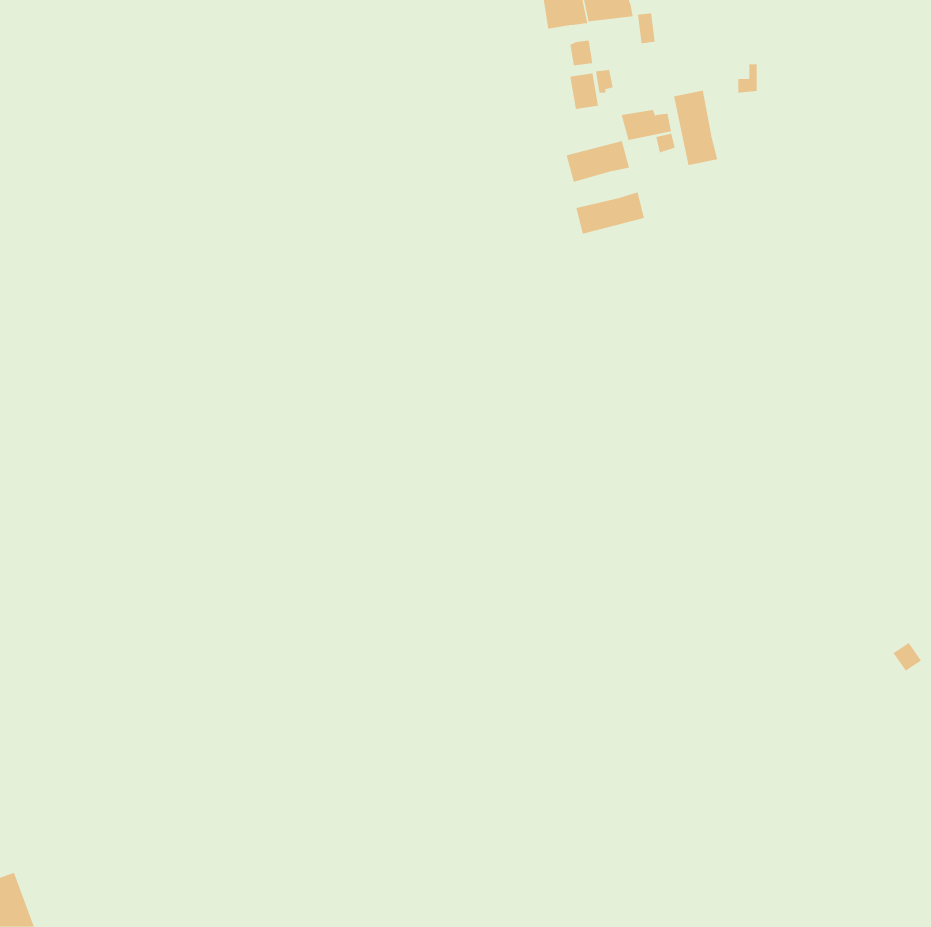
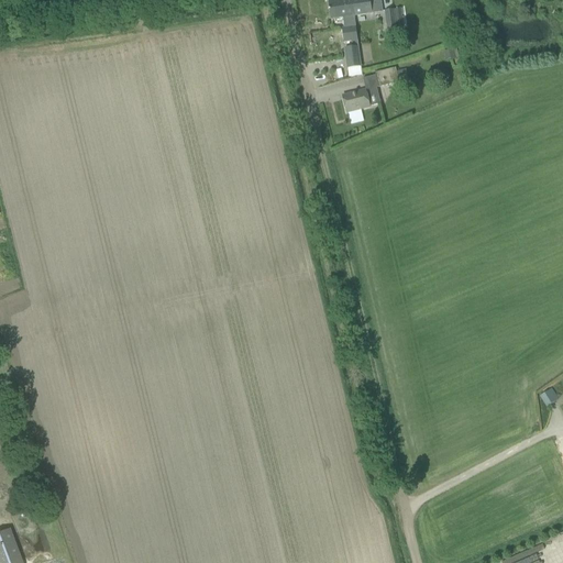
building: [674,90,718,166] -> none
building: [576,192,644,234] -> none

